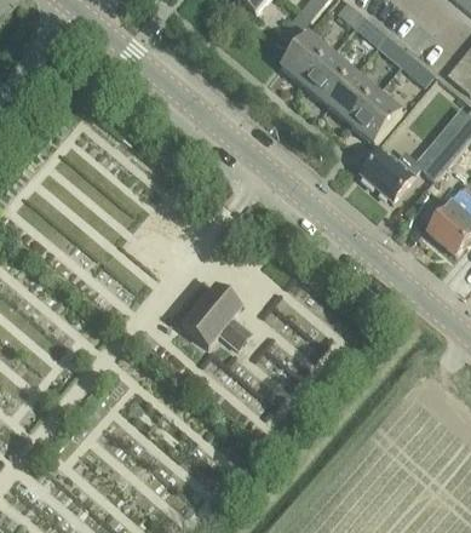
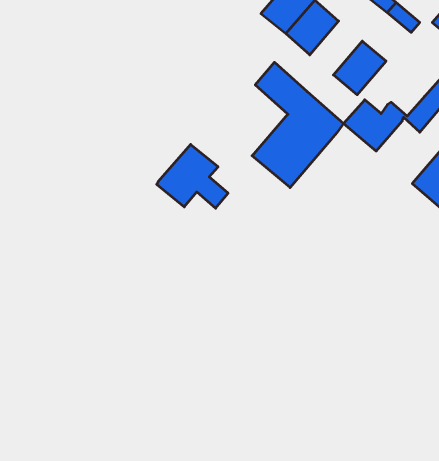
building: [326,71,377,124] -> none
building: none -> [252,62,344,188]
building: [178,283,247,345] -> [157,144,228,208]

